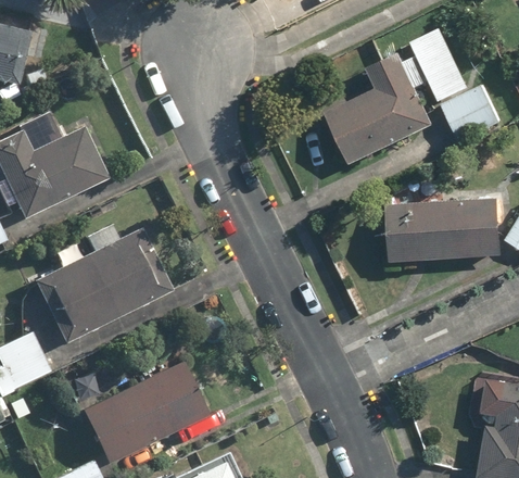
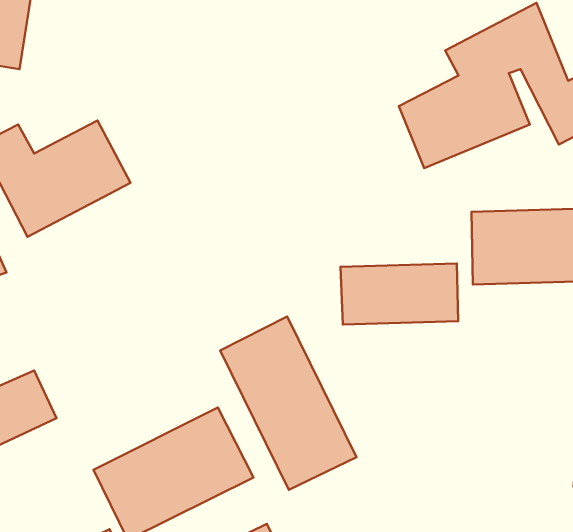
building: [29,226,170,345] -> none
building: none -> [340,264,458,325]
building: none -> [220,316,357,490]

